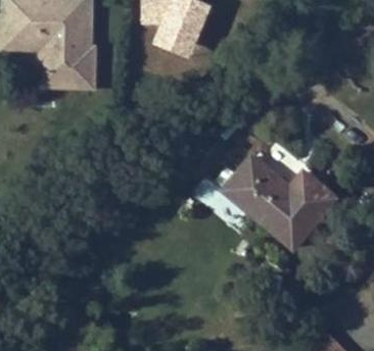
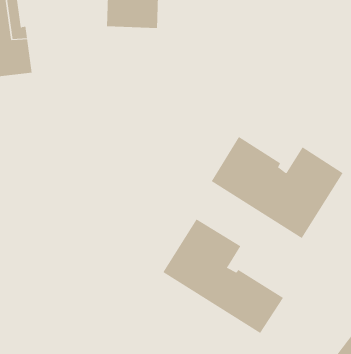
building: none -> [162,219,284,334]

